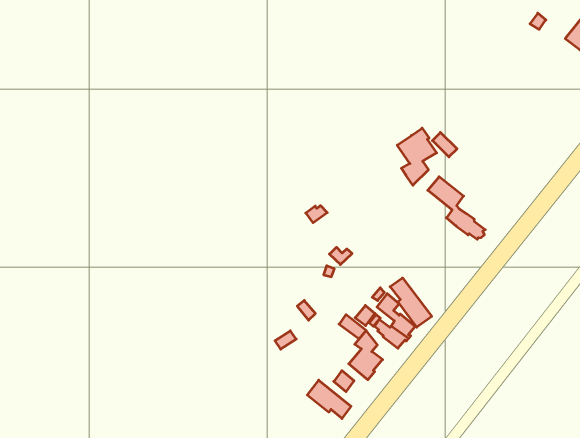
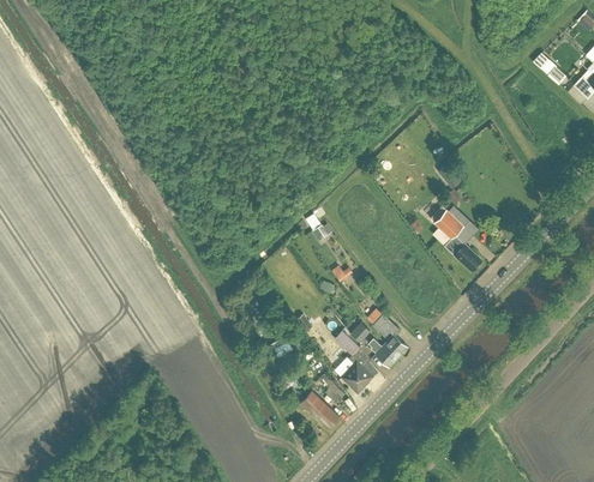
building: [397,128,437,185] -> none
building: [390,278,432,327] -> none

